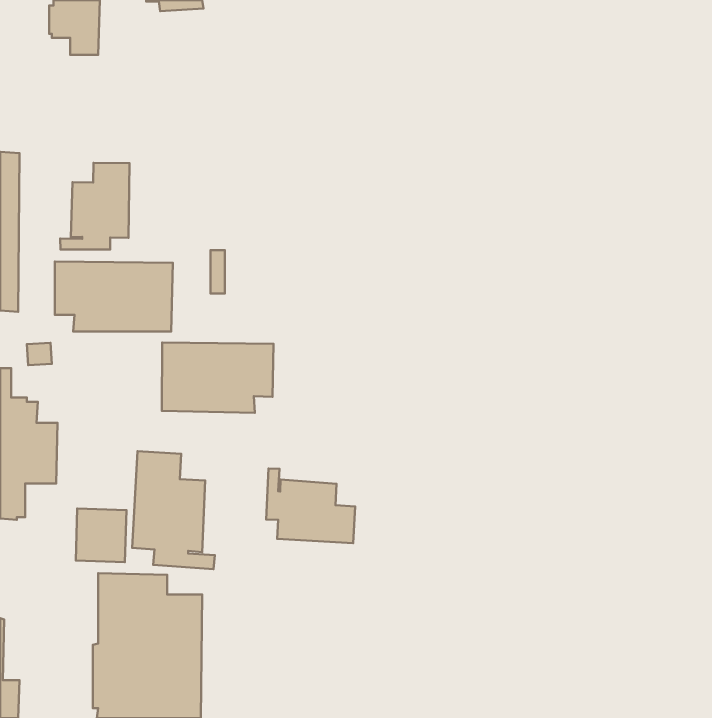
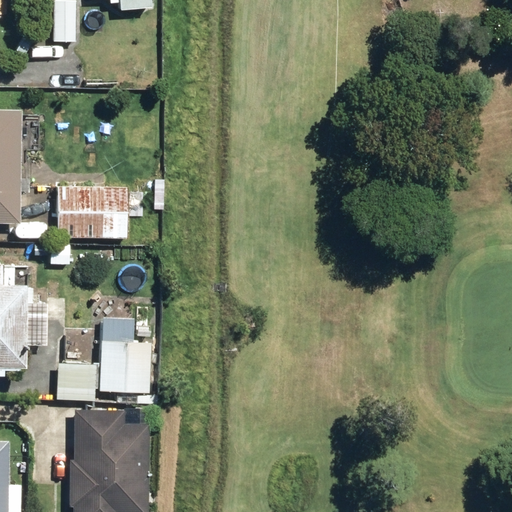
building: [60,163,129,250] -> none
building: [162,343,274,413] -> none
building: [266,469,355,543] -> none

